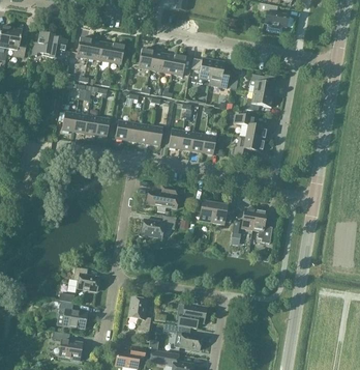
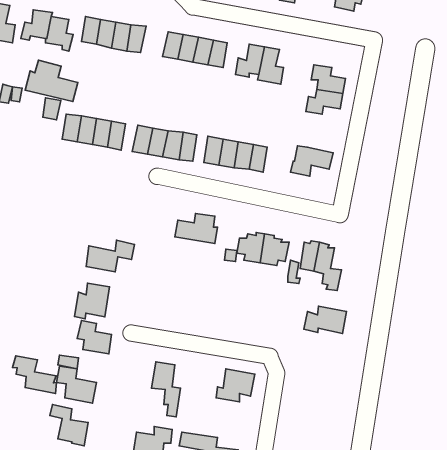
building: none -> [25,60,78,102]
building: [233,114,270,140] -> none
building: [141,215,177,238] -> [86,240,134,272]
building: none -> [74,283,109,319]
building: none -> [304,306,347,333]
building: none -> [13,356,57,393]
building: [175,325,202,350] -> none

